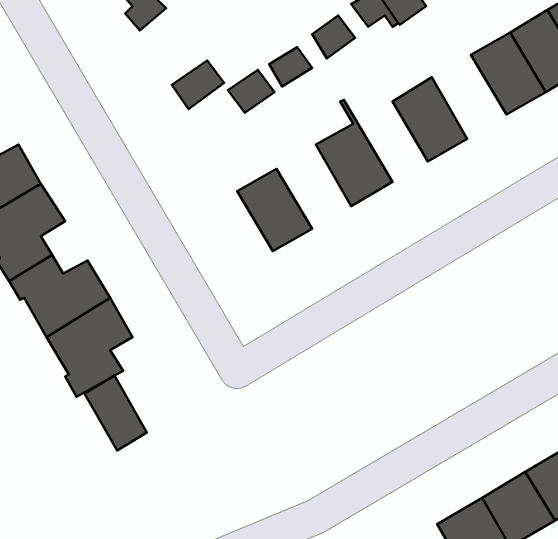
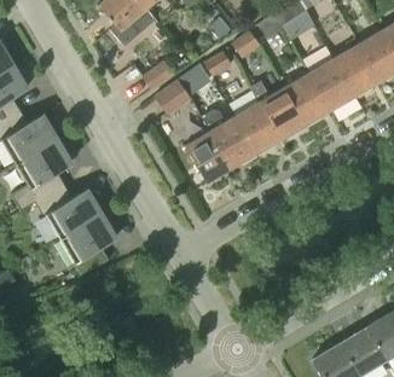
building: none -> [309,56,358,110]
building: none -> [153,79,192,116]
building: none -> [253,80,307,138]
building: none -> [202,109,257,168]
building: [85,376,147,450] -> none

